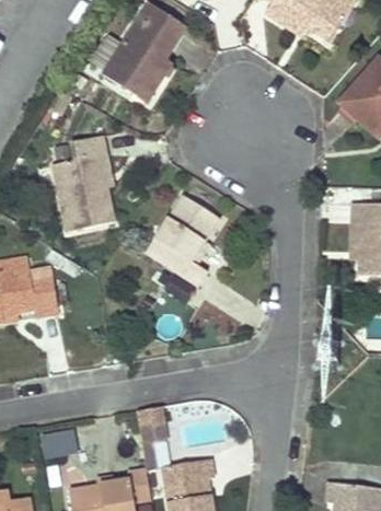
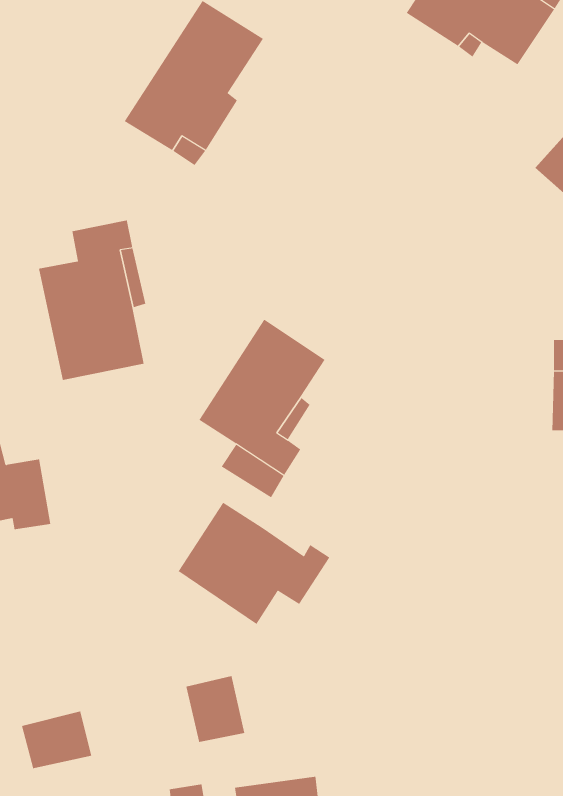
building: none -> [178,502,330,625]

